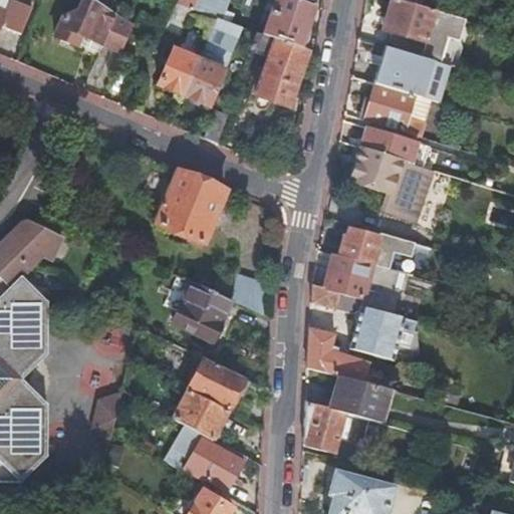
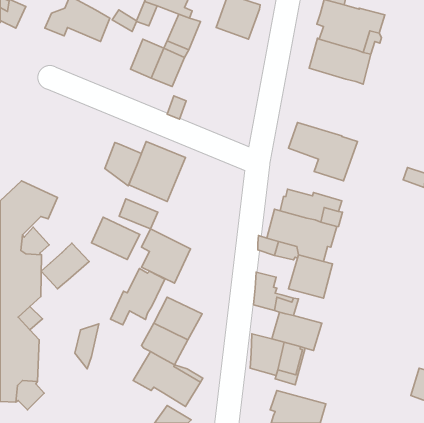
building: [238,31,305,106] -> none
building: [364,82,431,136] -> none
building: [360,125,431,167] -> none
building: none -> [105,142,141,186]
building: none -> [119,199,158,229]
building: none -> [91,217,140,260]
building: [231,275,263,314] -> none
building: none -> [41,243,89,289]
building: none -> [111,269,165,325]

